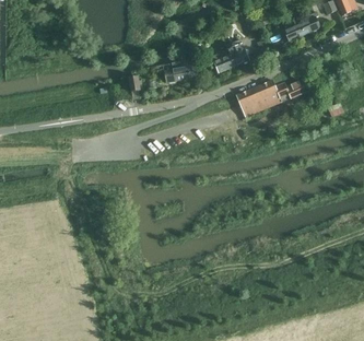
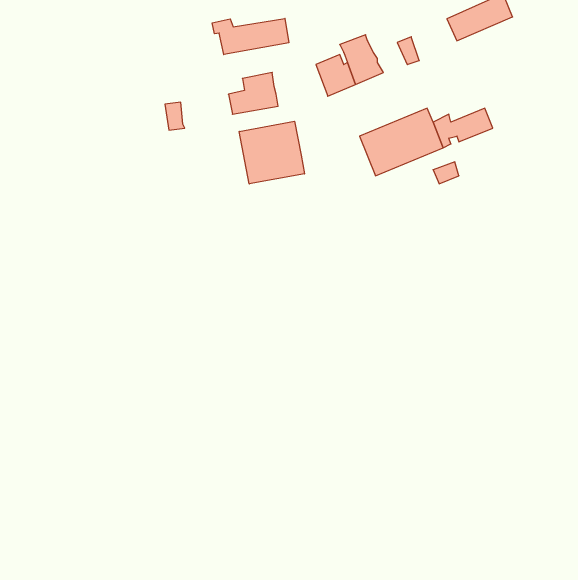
building: none -> [212,18,289,55]
building: none -> [239,121,304,184]

